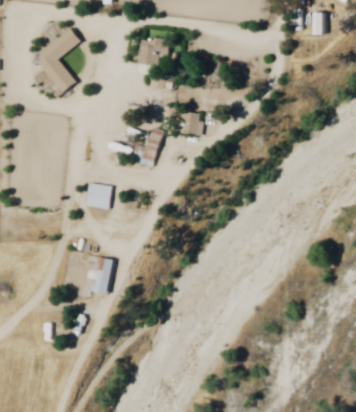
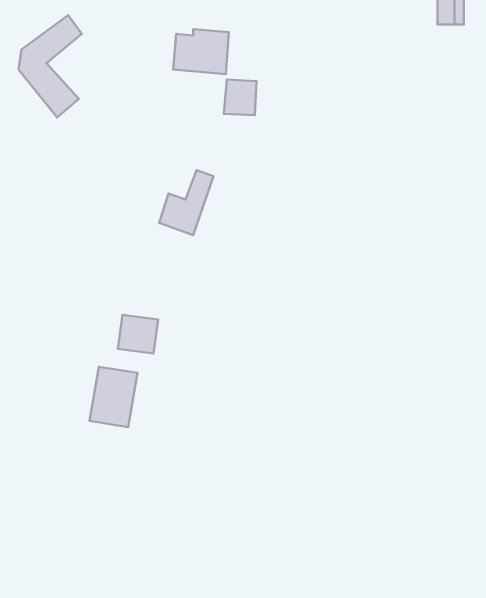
building: [178,111,199,134] -> [224,80,256,115]
building: [85,182,111,207] -> [118,315,158,354]

